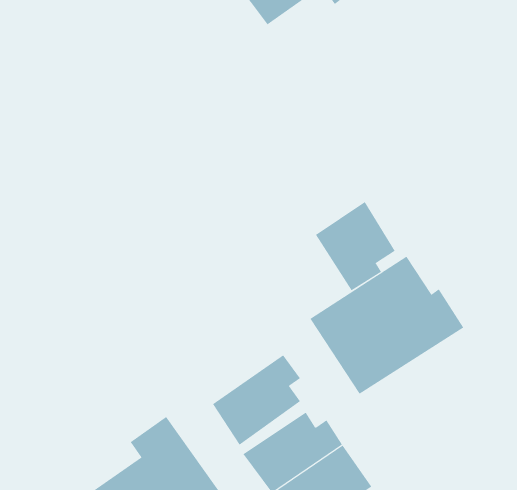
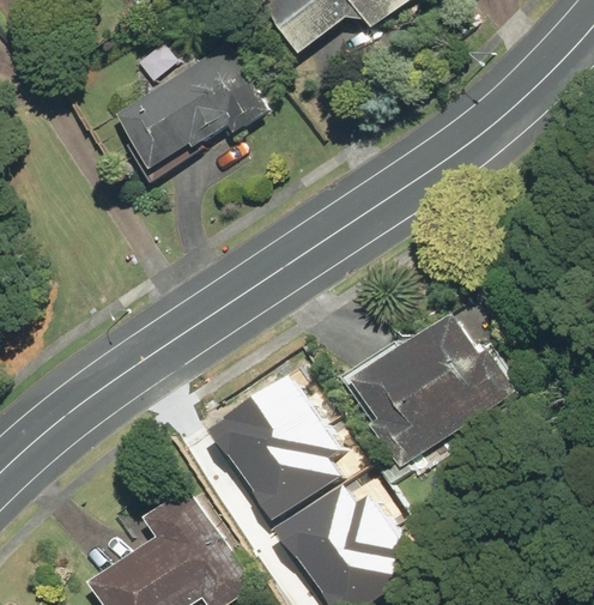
building: none -> [116,44,266,176]
building: [315,201,396,291] -> none
building: none -> [204,374,315,476]

